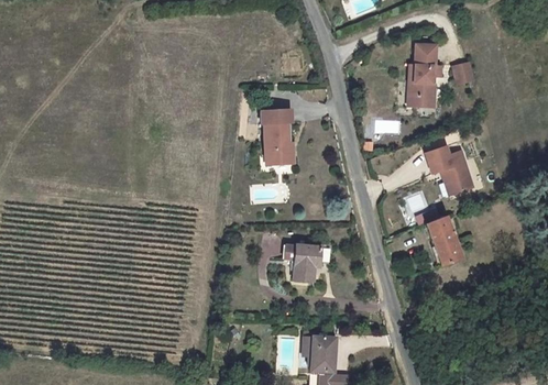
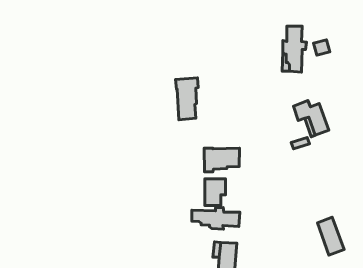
building: none -> [204,148,239,172]
building: [426,216,462,267] -> [318,217,344,255]
building: none -> [192,208,240,229]

